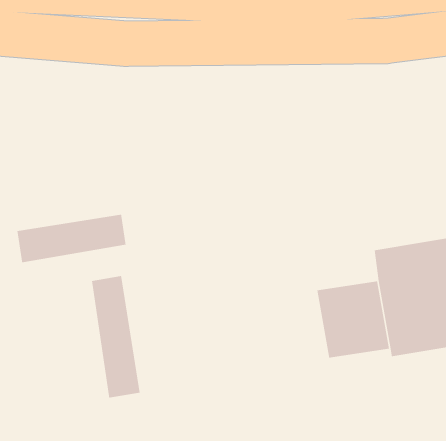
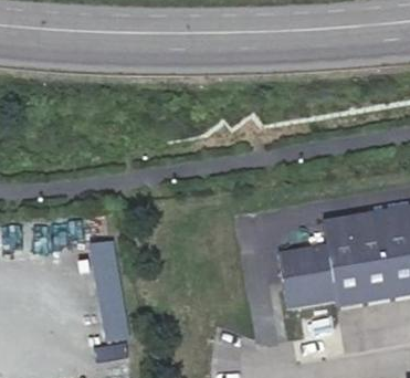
building: [17,214,126,263] -> none

